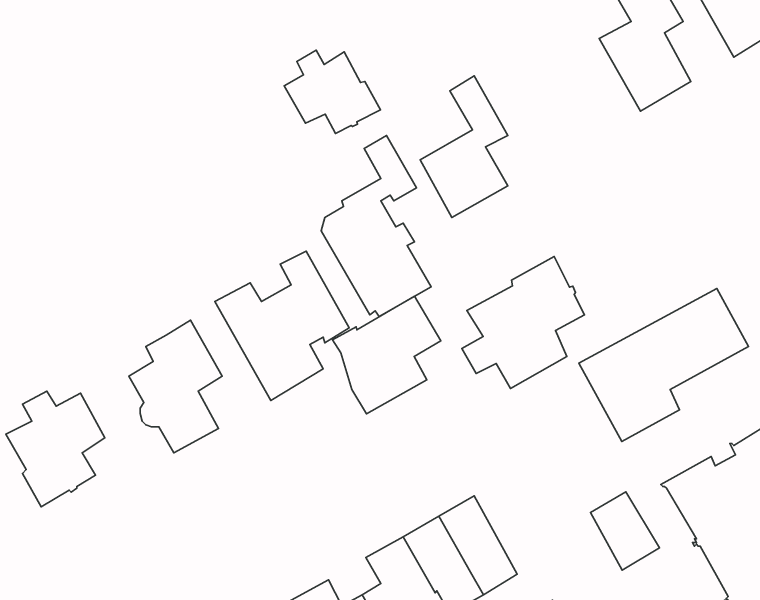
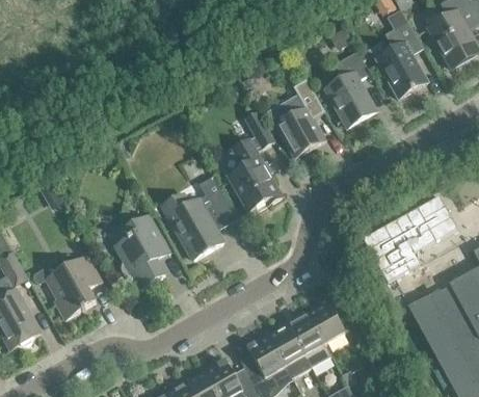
building: none -> [326,51,375,127]
building: [284,50,381,134] -> none
building: [462,256,584,388] -> none
building: [333,296,441,414] -> none
building: [590,492,659,570] -> [307,301,345,345]

